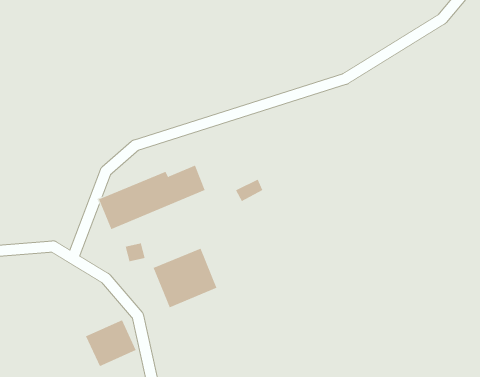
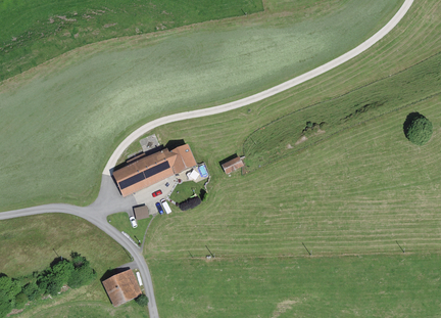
building: [153,248,217,308] -> none

